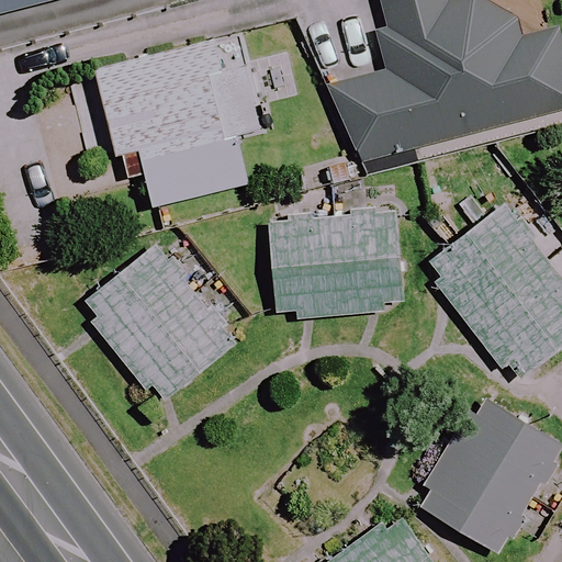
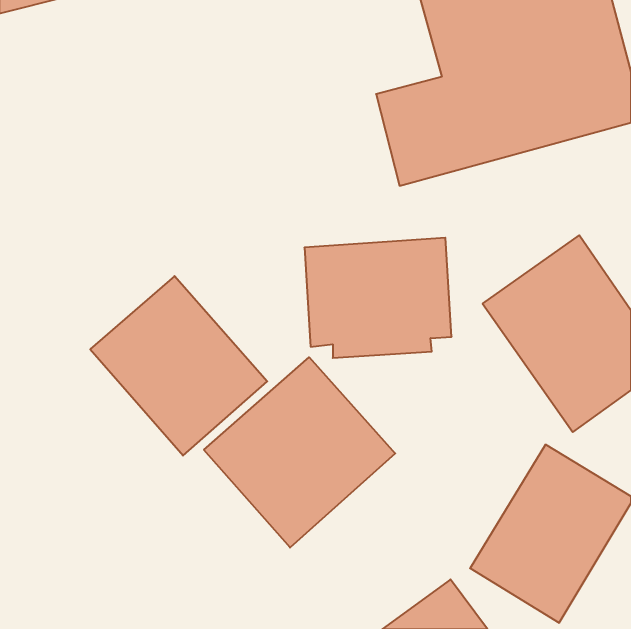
building: [98,43,263,206] -> none
building: none -> [204,357,395,548]

